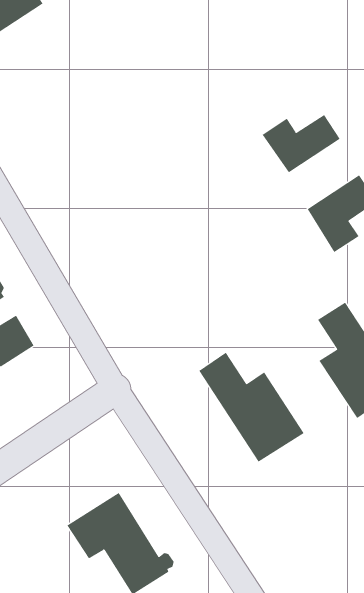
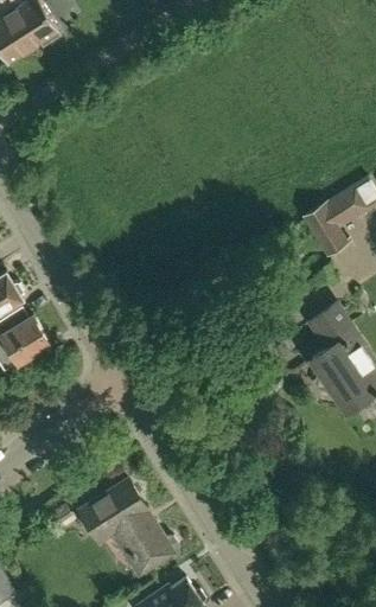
building: [262,114,341,173] -> none
building: [198,352,304,462] -> none

